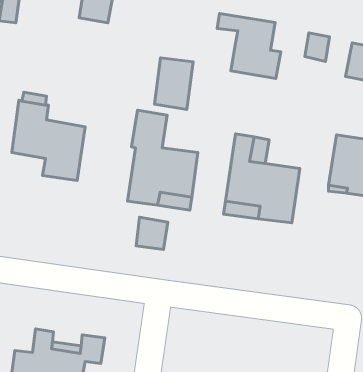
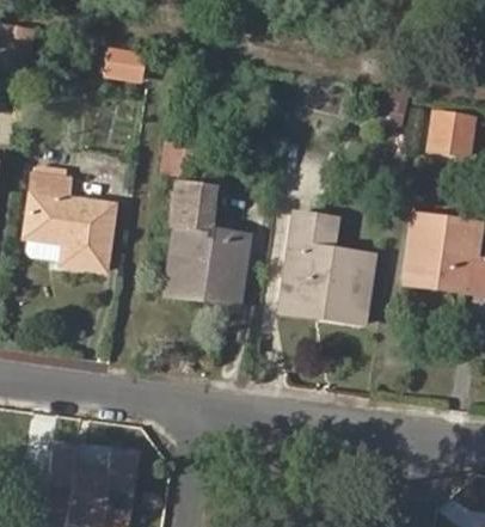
building: [217,13,281,78] -> none
building: [155,58,193,109] -> none
building: [136,217,168,249] -> none

